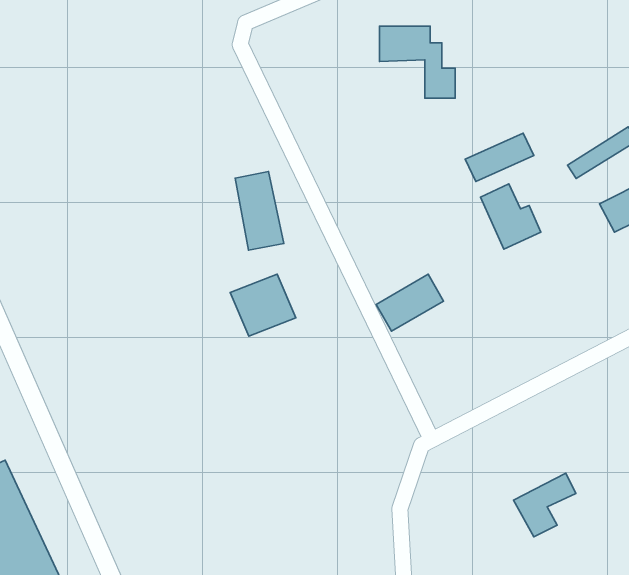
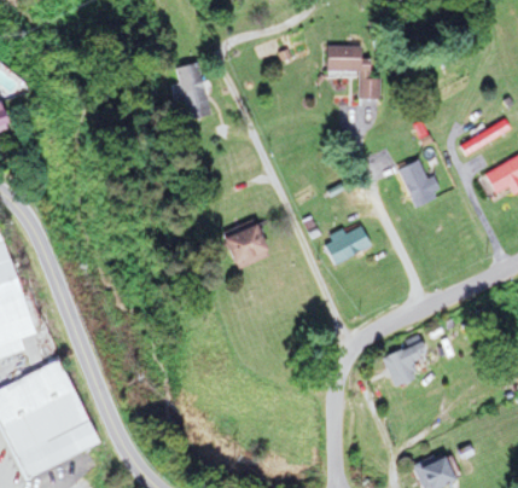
building: [465,133,534,182] -> none
building: [235,172,284,250] -> [175,63,210,120]
building: [514,473,576,537] -> [385,339,430,385]

